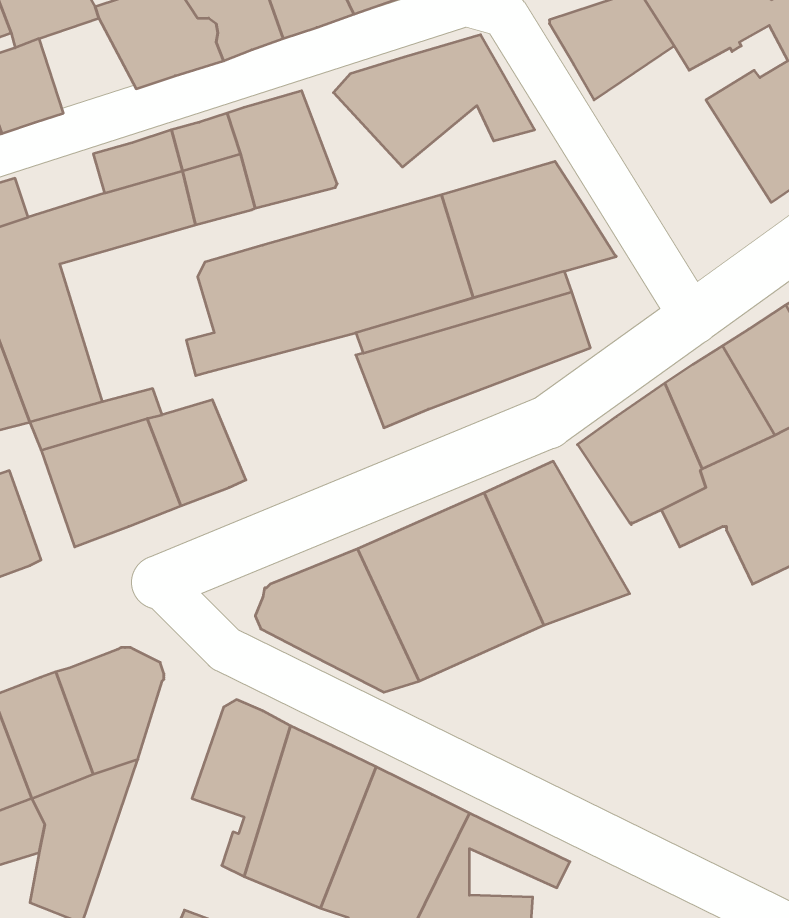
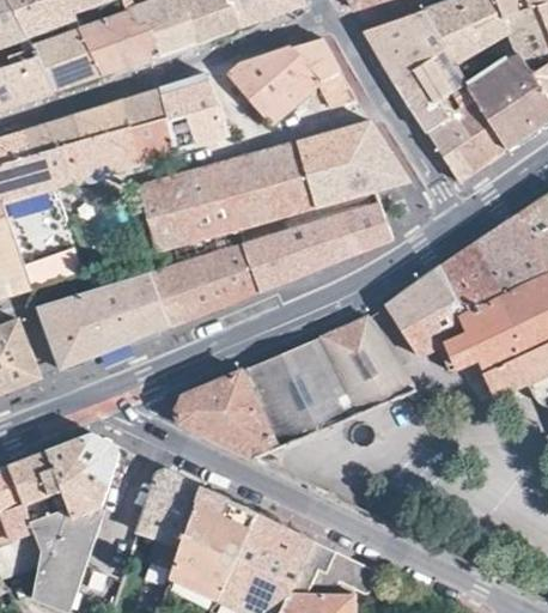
building: none -> [38,28,101,89]
building: none -> [395,45,509,180]
building: none -> [23,115,80,156]
building: none -> [150,244,260,324]

